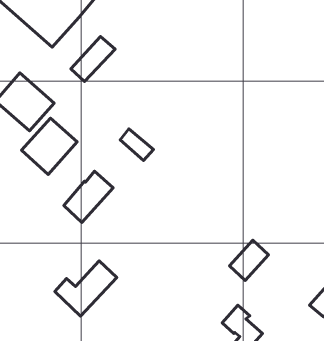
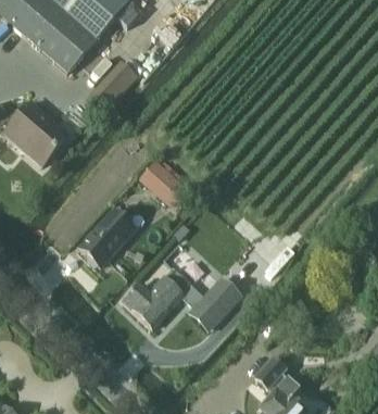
building: [21,118,77,175] -> none
building: [229,240,269,280] -> [196,278,239,323]
building: [55,261,117,316] -> [124,266,192,327]

